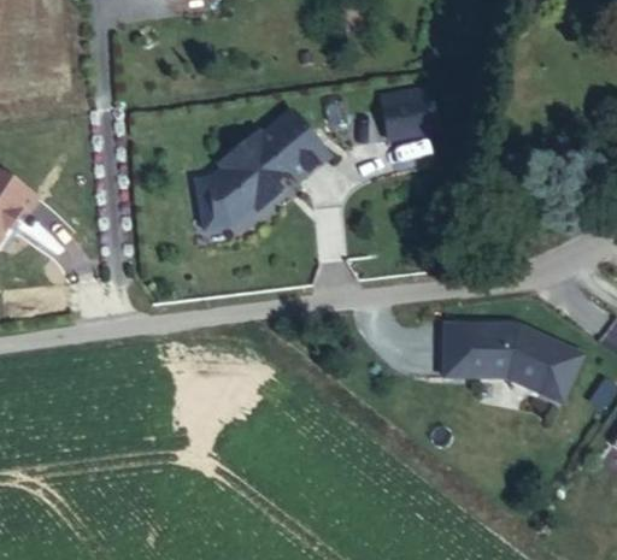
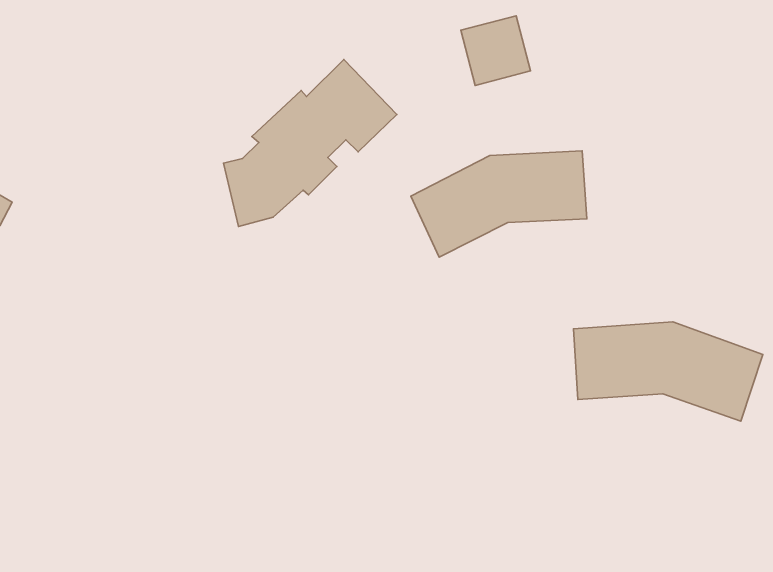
building: none -> [411,151,587,257]

